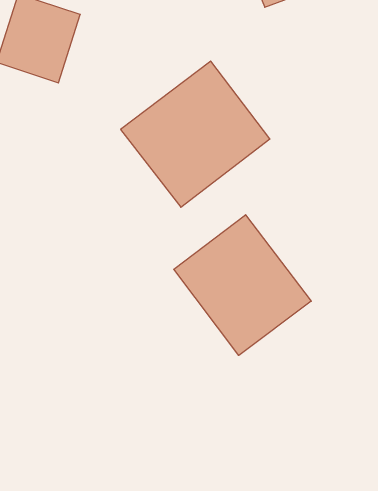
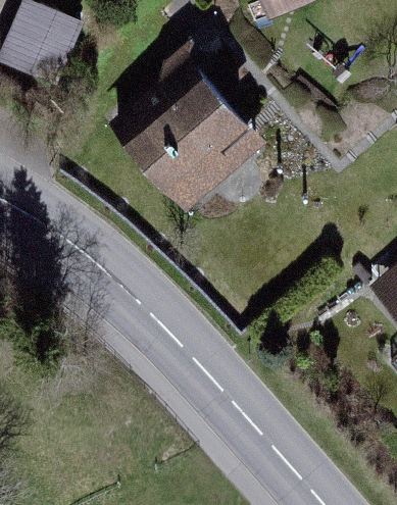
building: [174,215,311,355] -> none

